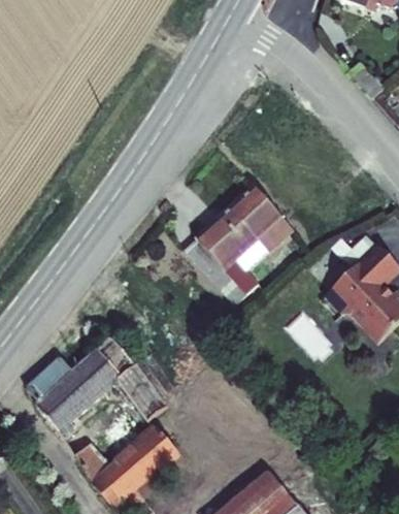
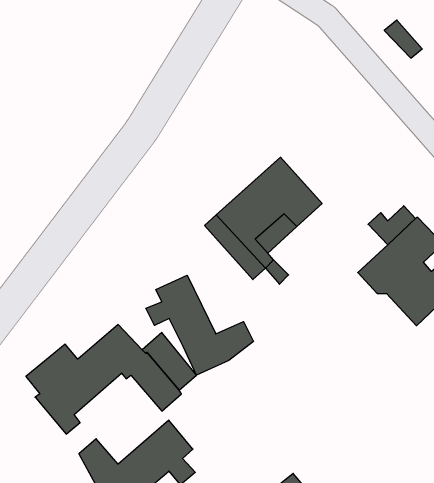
building: none -> [146,275,253,375]

